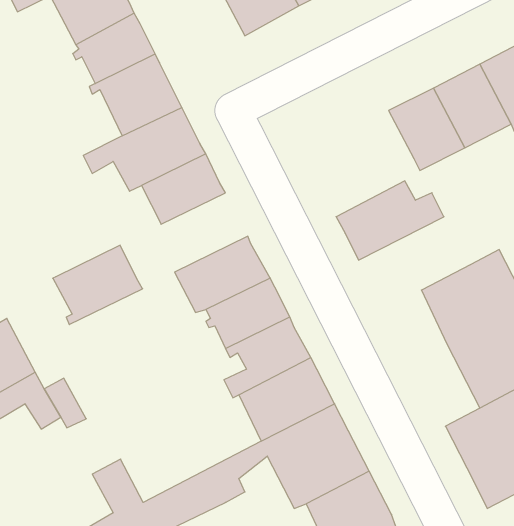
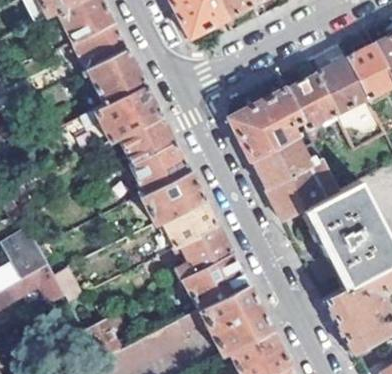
building: none -> [228,89,301,160]
building: none -> [264,160,339,222]
building: [53,245,143,325] -> [130,144,190,197]

